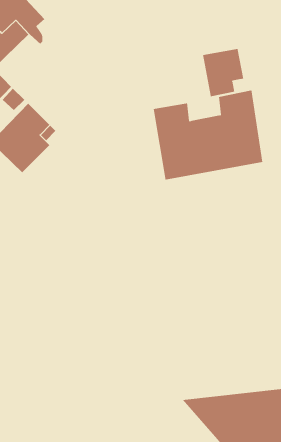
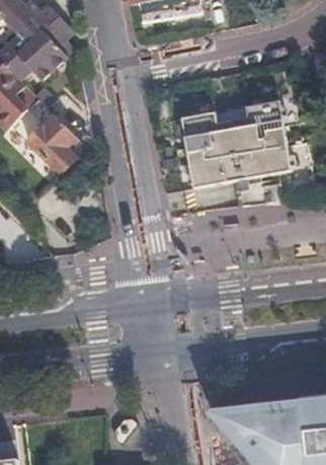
building: [203,48,244,97] -> none

